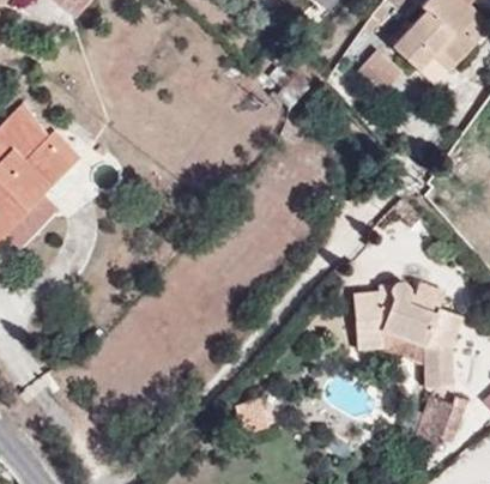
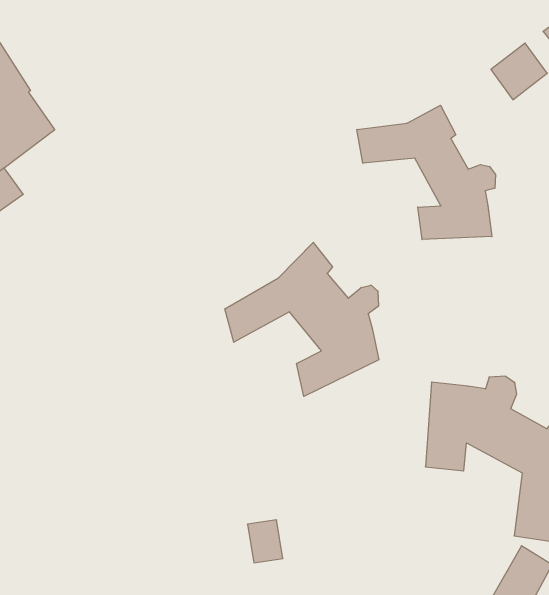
building: none -> [357,105,495,240]
building: none -> [225,242,379,396]

